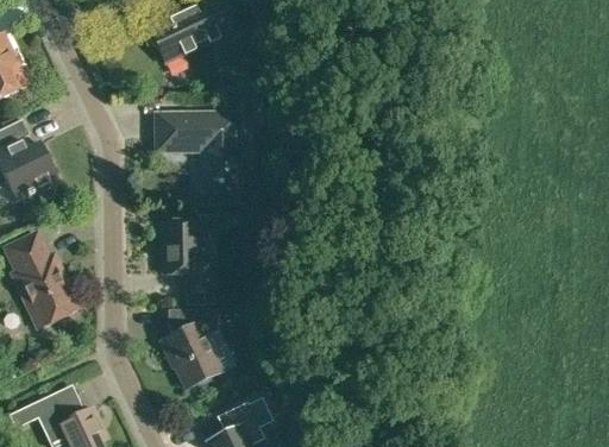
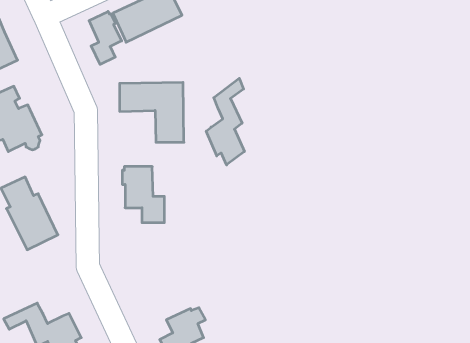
building: none -> [89,11,122,64]
building: none -> [206,78,244,165]
building: [159,308,219,388] -> none

